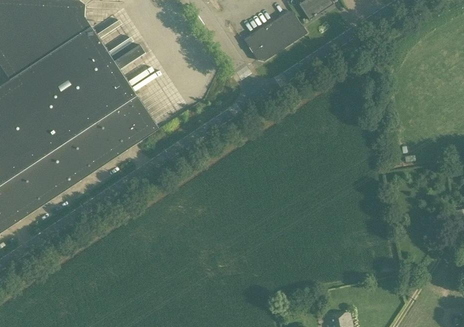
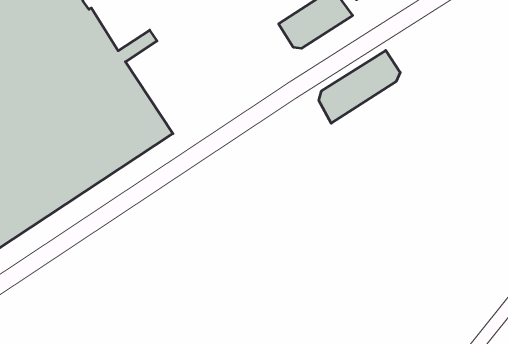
building: none -> [319,50,400,123]

